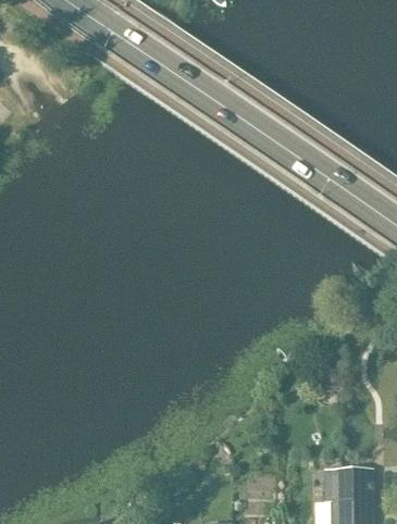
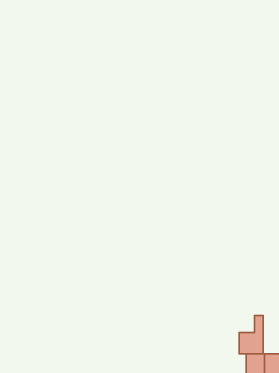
building: none -> [239,316,263,354]

